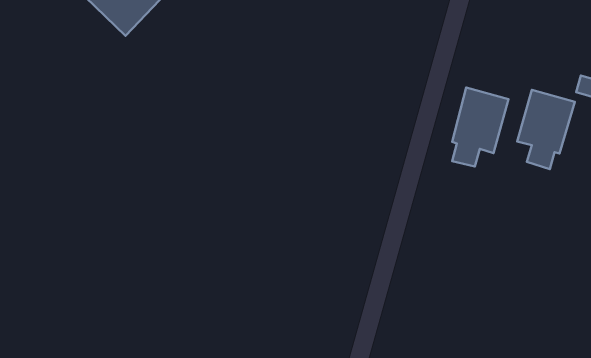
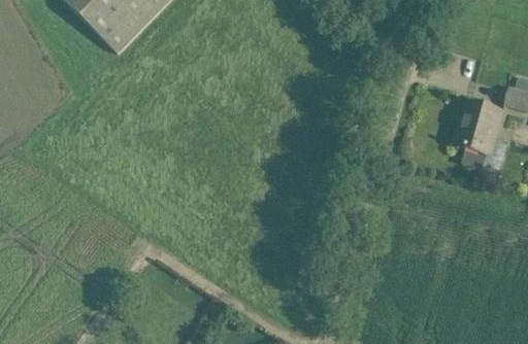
building: [452,87,509,167] -> none

